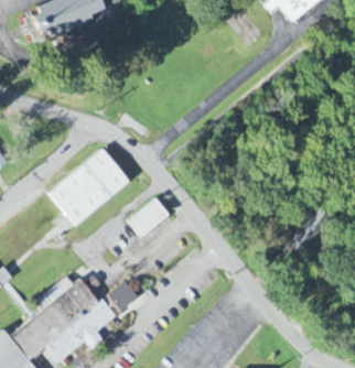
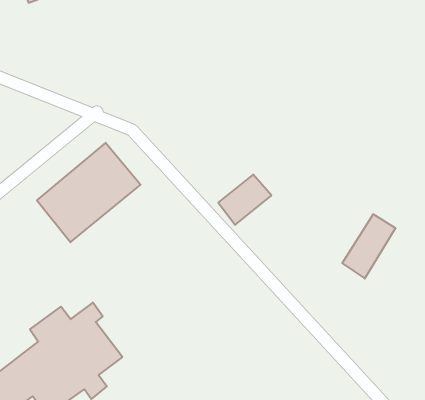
building: [128,197,170,237] -> [218,175,271,225]
building: [107,280,138,312] -> none

